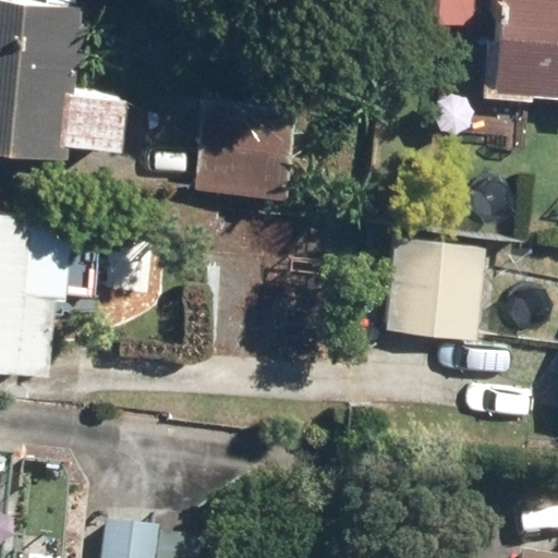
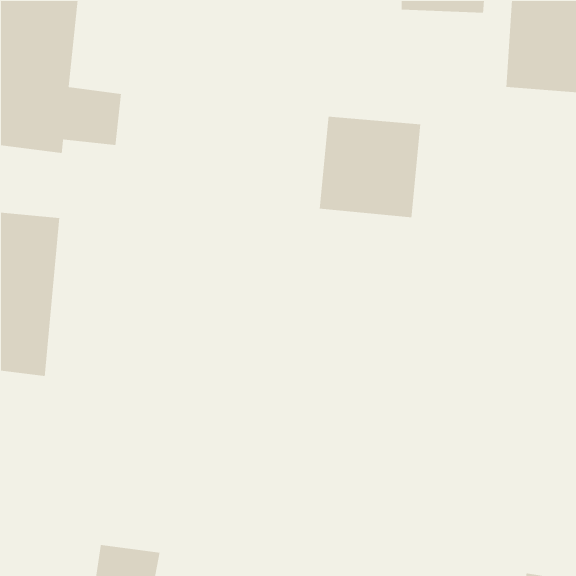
building: [192,102,290,201] -> [319,116,421,218]
building: [381,242,483,341] -> none

